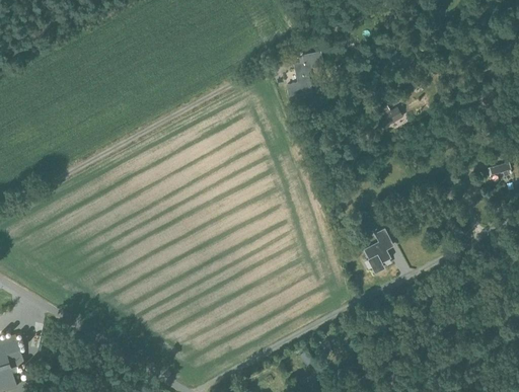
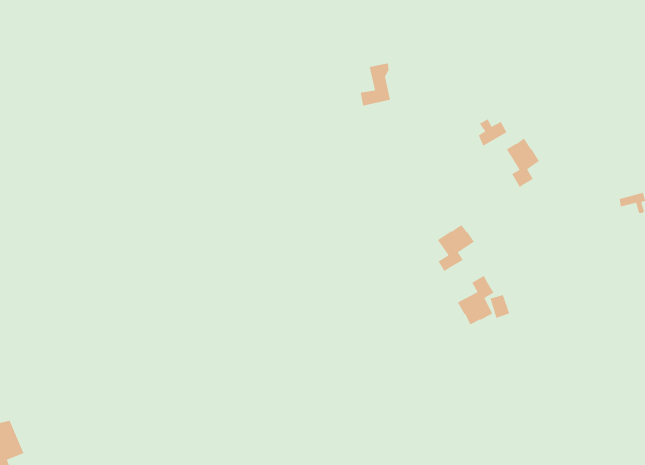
building: none -> [506,138,540,188]
building: none -> [437,224,475,272]

